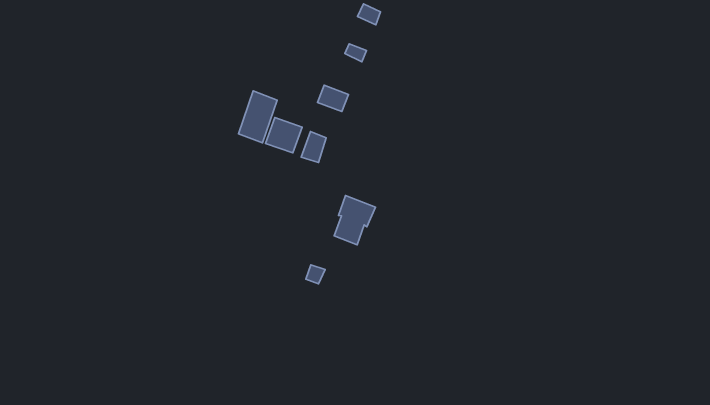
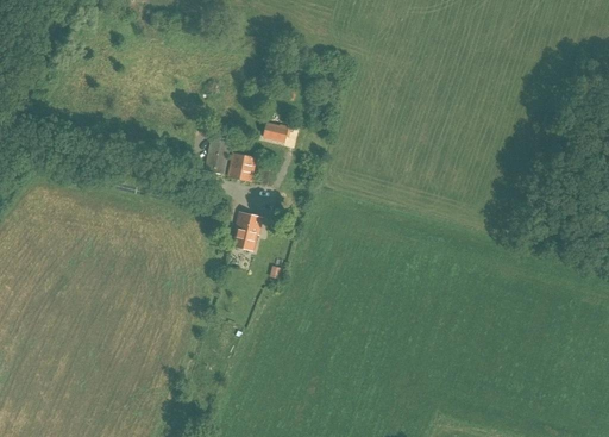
building: [334,196,376,245] -> [234,212,264,250]

